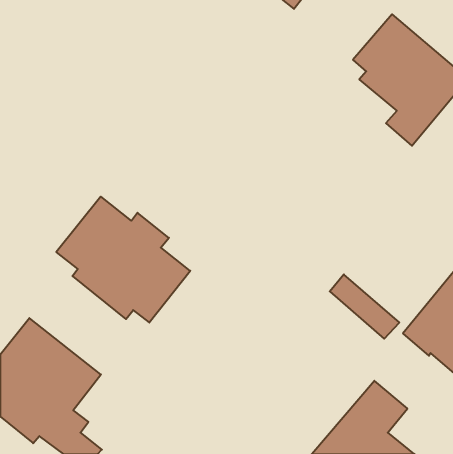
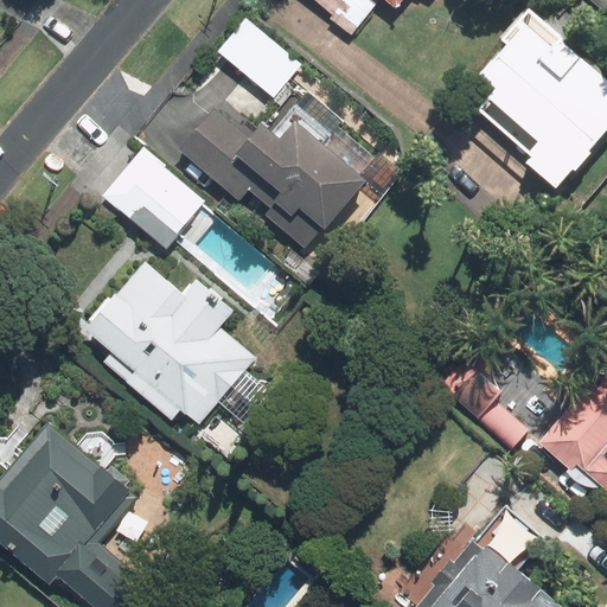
building: none -> [224,15,305,92]
building: none -> [179,108,360,251]
building: none -> [108,141,216,247]

